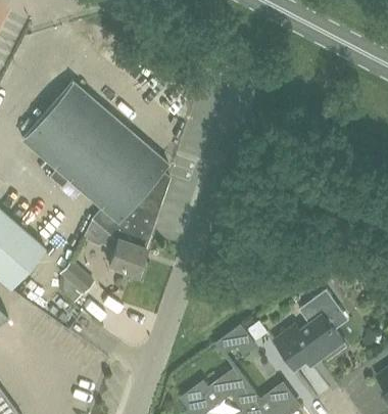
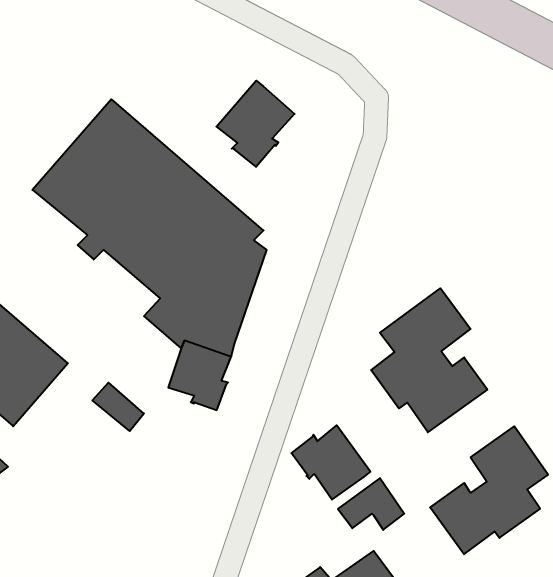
building: none -> [216,81,295,167]
building: none -> [371,288,487,432]
building: none -> [291,425,370,500]

